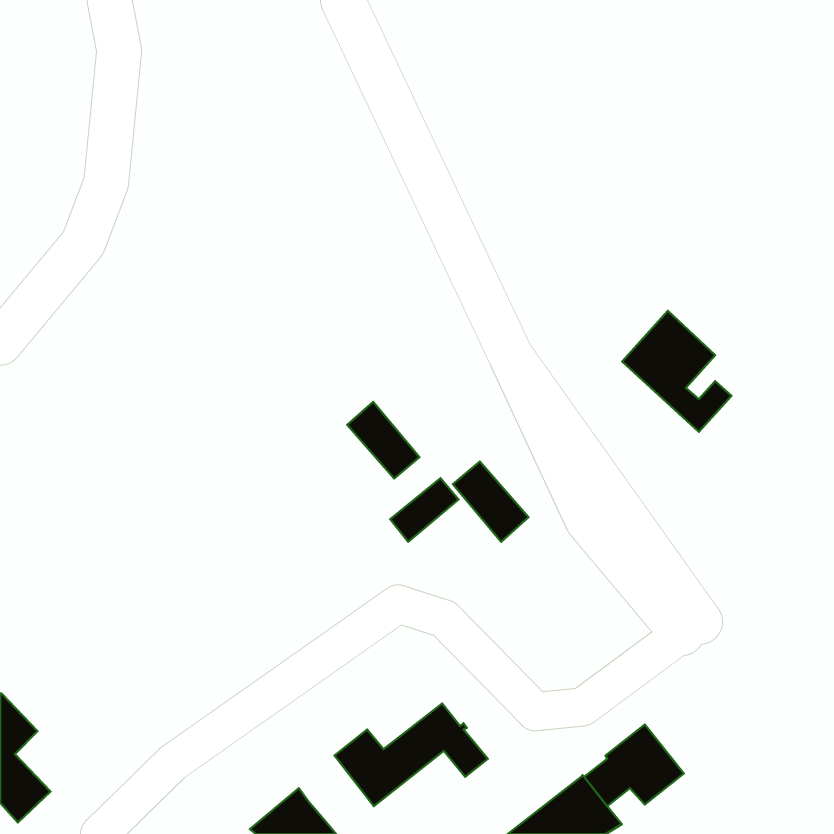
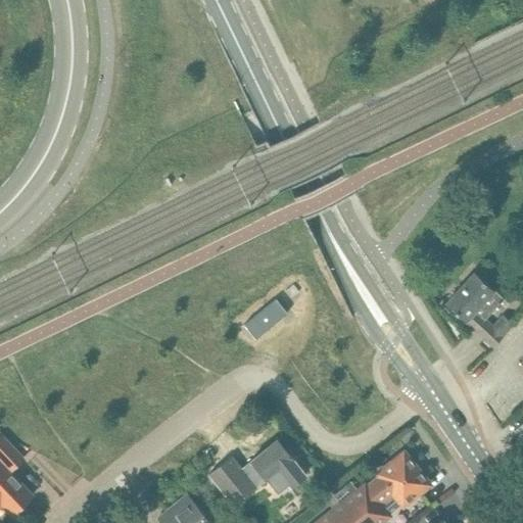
building: [622,311,732,432] -> [445,272,514,347]
building: [347,402,420,478] -> none
building: [453,462,529,542] -> none

